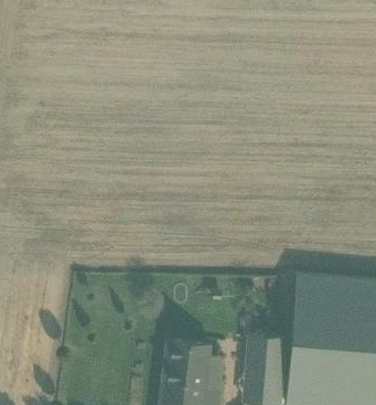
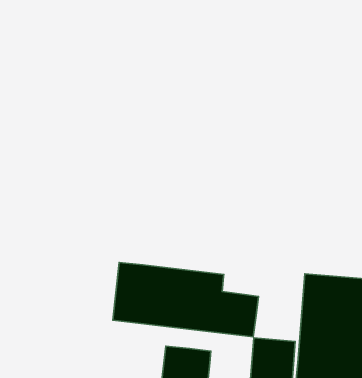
building: none -> [113,263,258,337]

